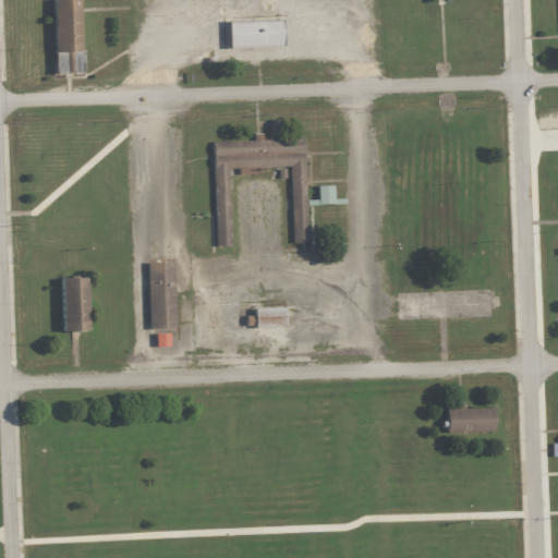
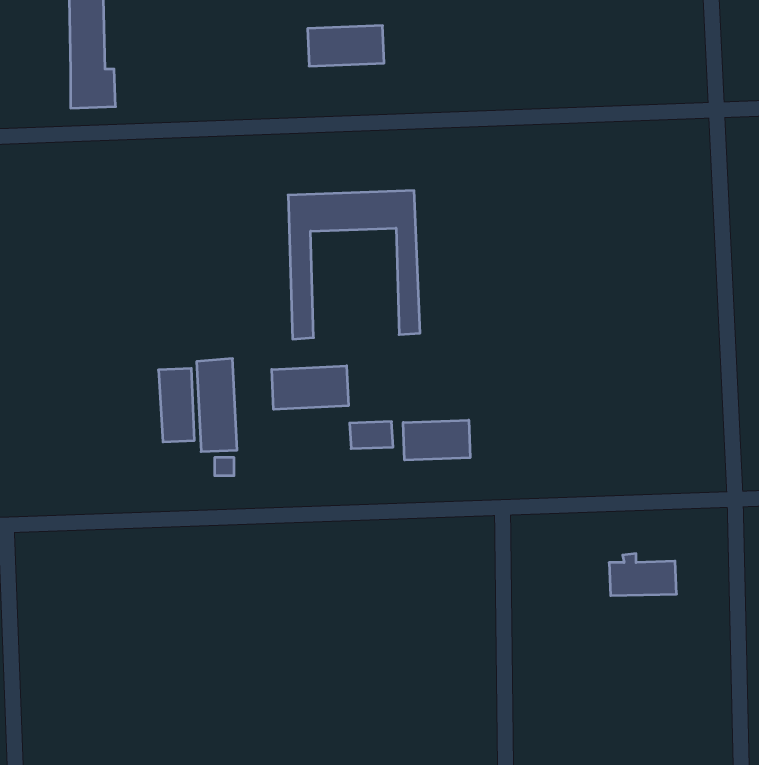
building: none -> [272,366,348,409]
building: [62,279,88,332] -> [158,368,194,442]
building: none -> [403,420,470,460]

